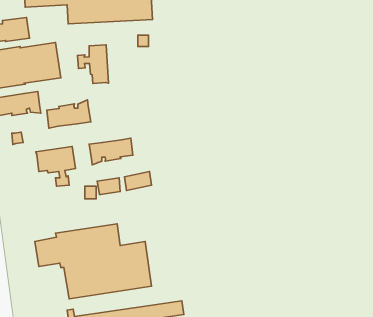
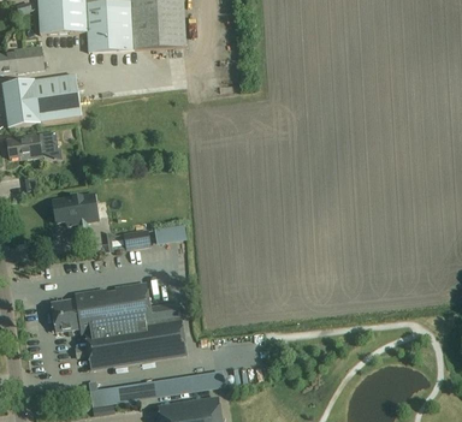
building: [77,45,108,84] -> none
building: [47,100,91,128] -> none
building: [89,138,133,165] -> none

